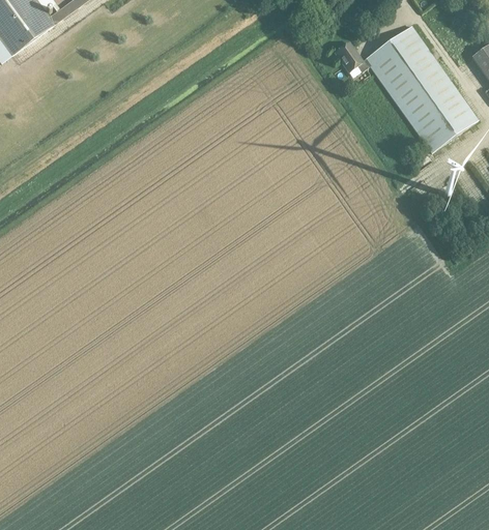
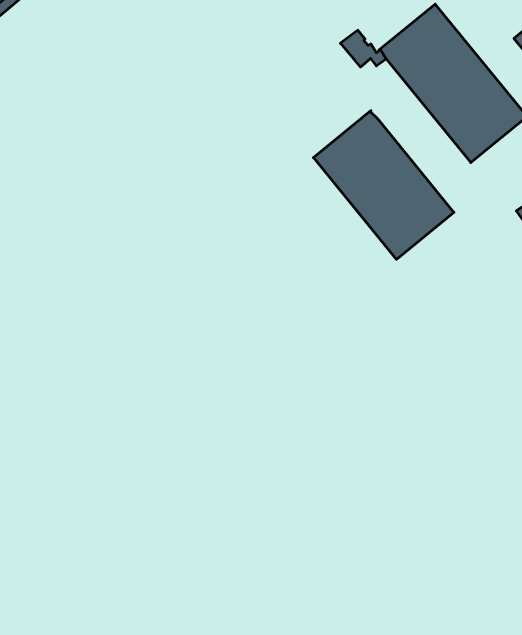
building: none -> [313,111,454,259]

